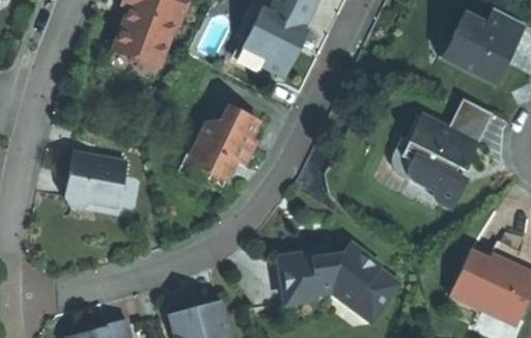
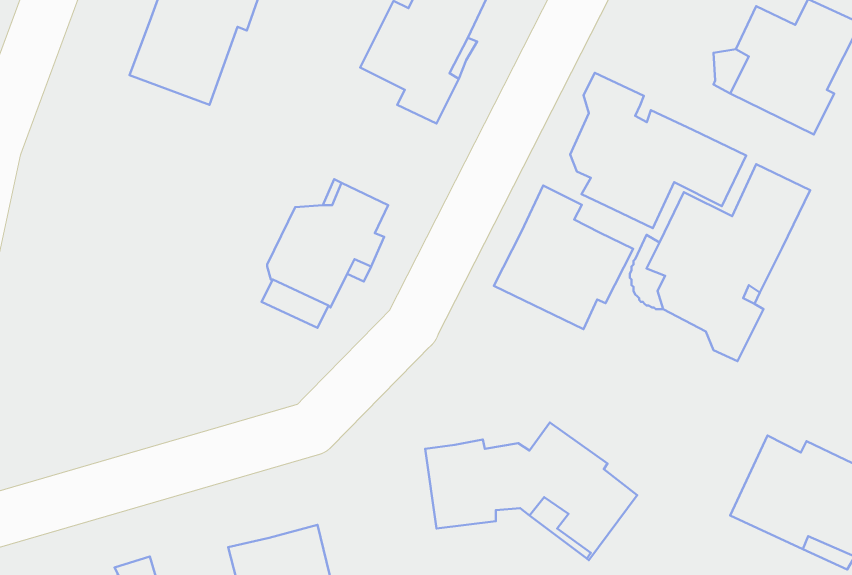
building: none -> [570,73,746,228]
building: none -> [494,185,633,329]
building: [65,152,127,208] -> none

